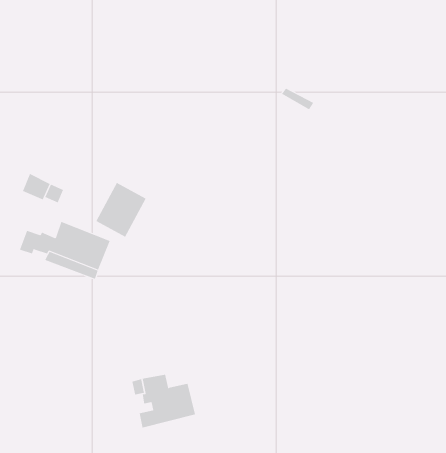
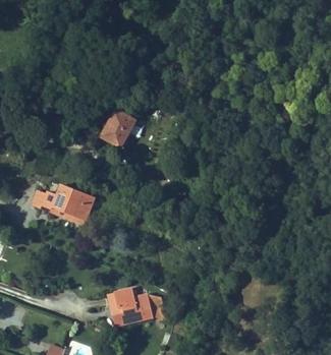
building: [96,182,146,238] -> [101,108,135,145]

